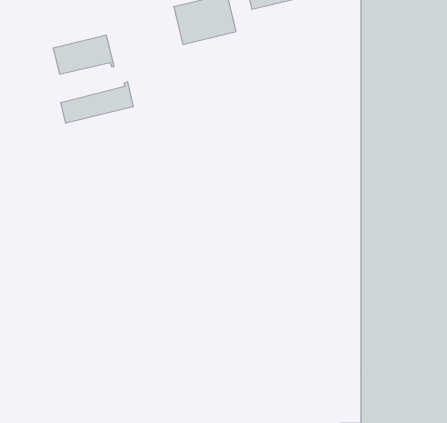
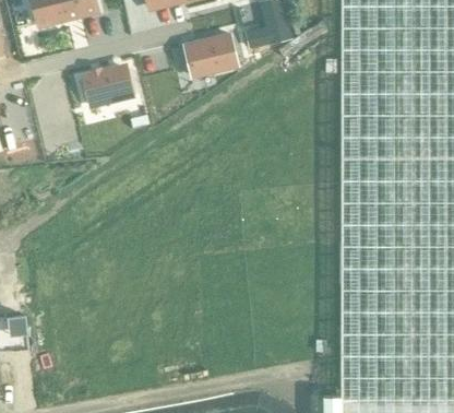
building: [61,82,133,123] -> none

